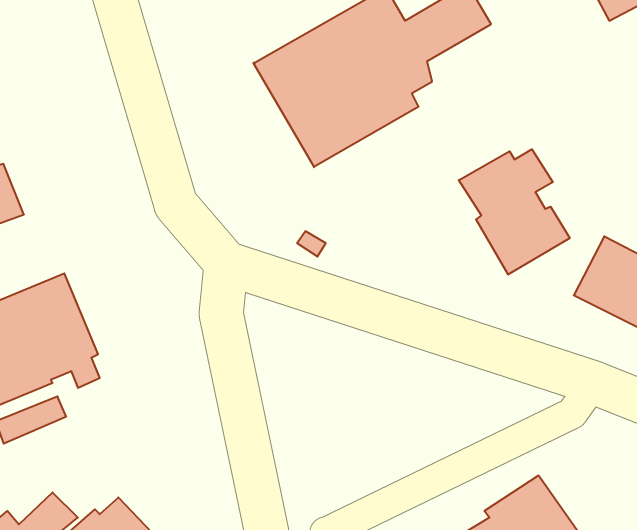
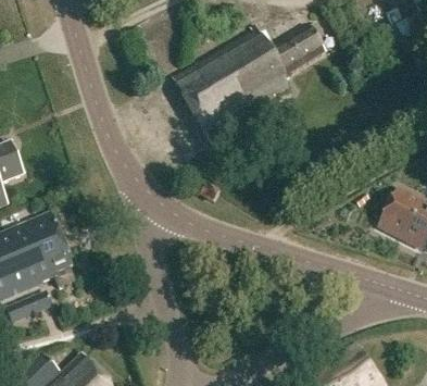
building: [459,149,570,275] -> none

